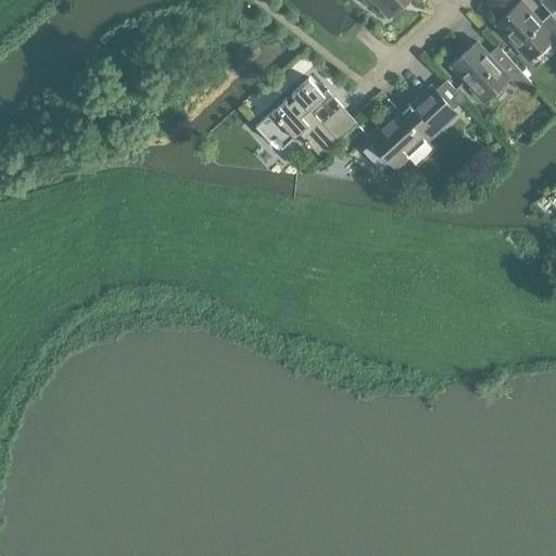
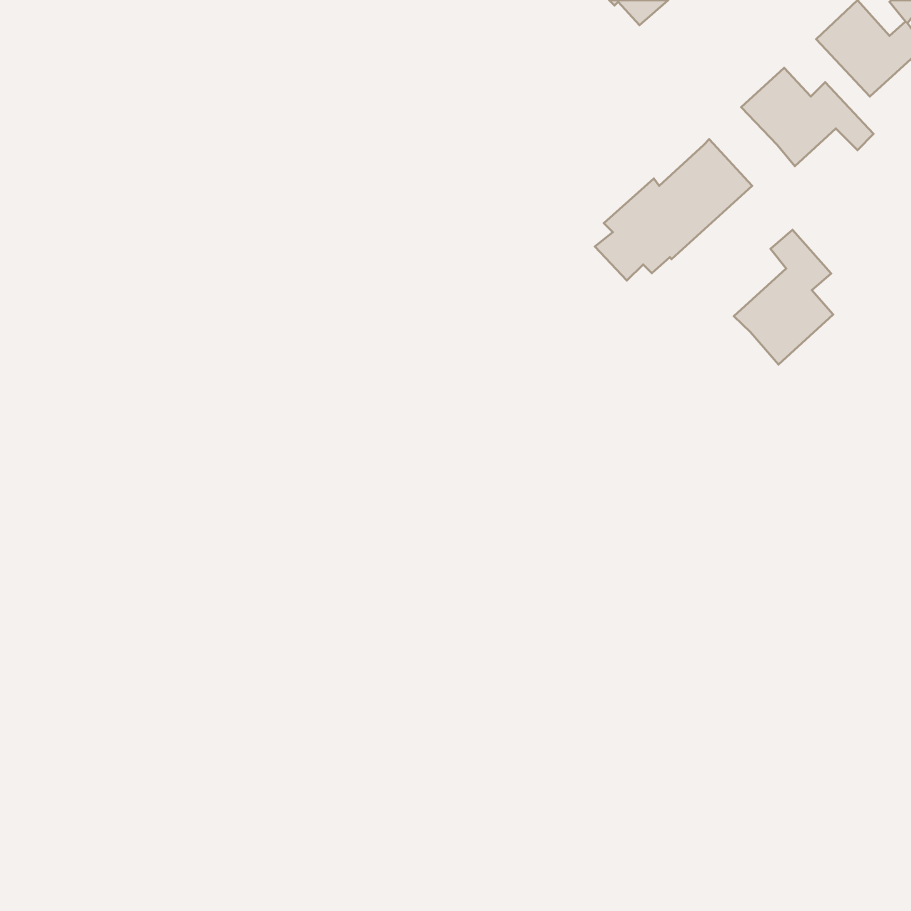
building: [238,78,348,161] -> none
building: none -> [734,230,833,364]

